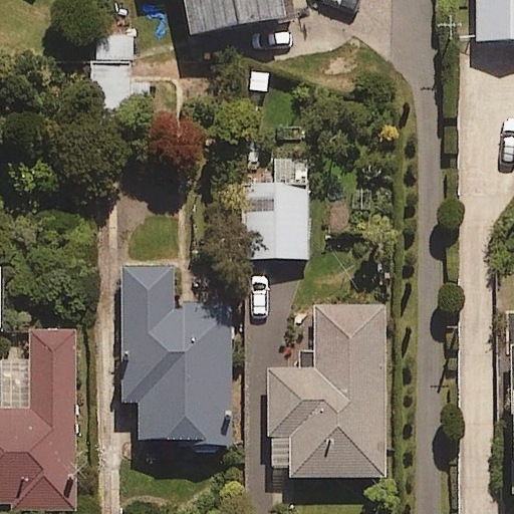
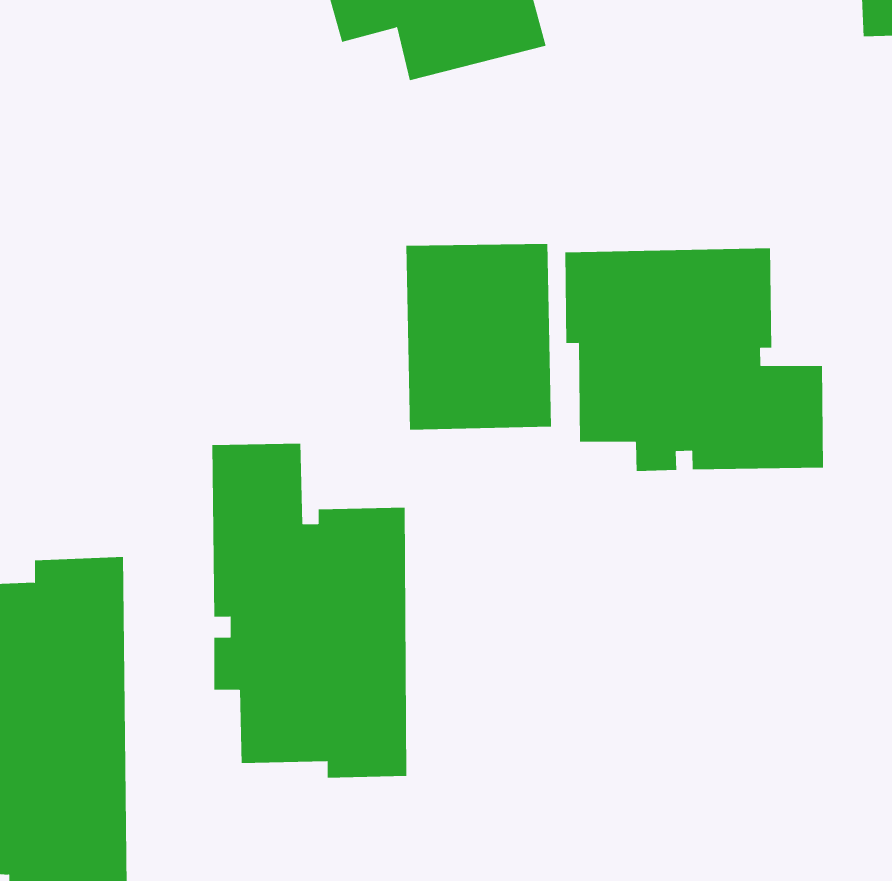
building: none -> [565,247,824,472]
building: [269,306,384,476] -> none

